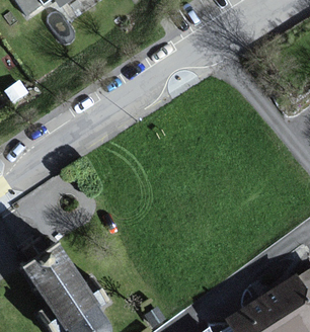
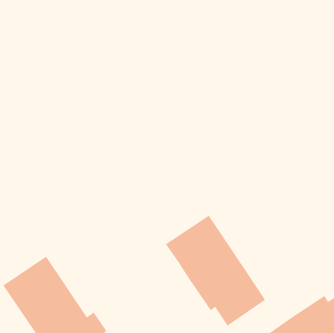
building: none -> [165,215,266,326]

